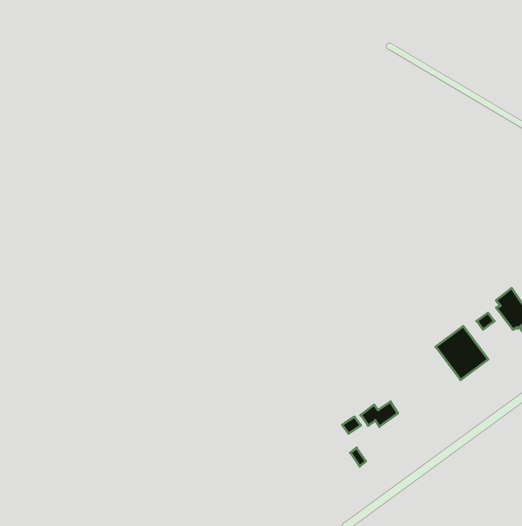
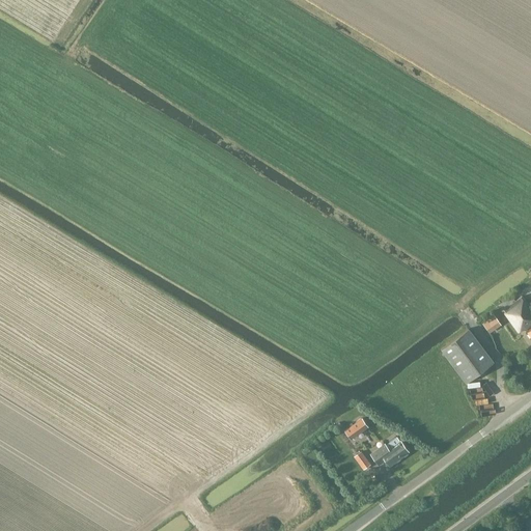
building: [361,402,398,427] -> [373,441,411,466]

